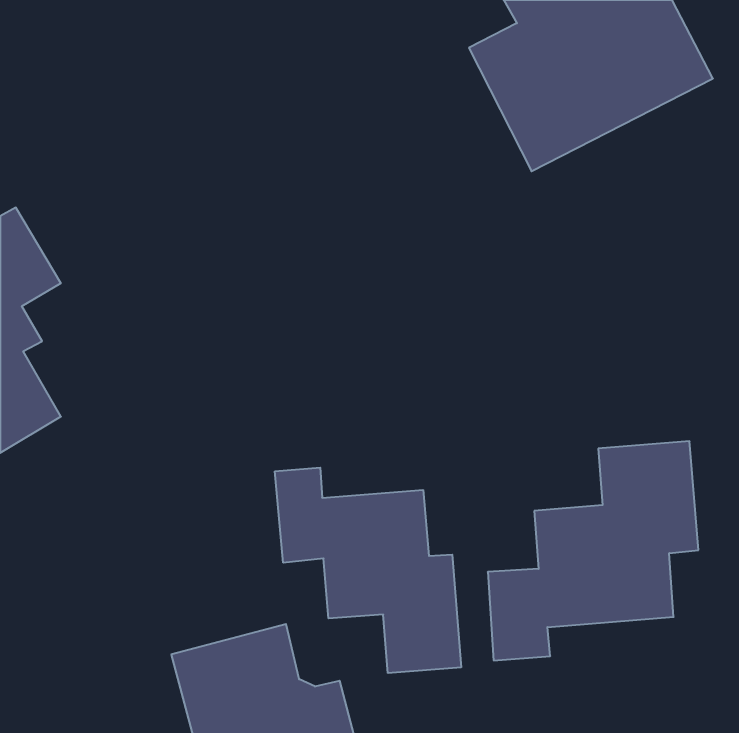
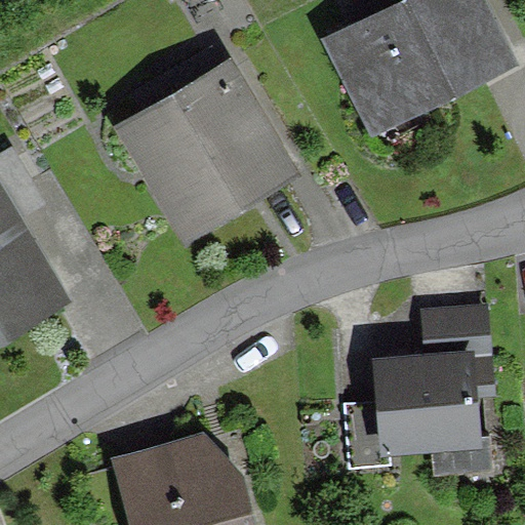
building: none -> [136,54,281,224]
building: [275,468,461,673] -> none

